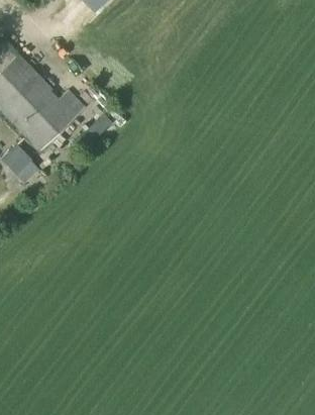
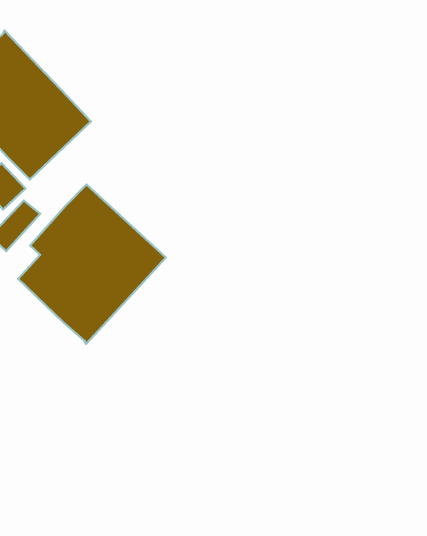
building: none -> [18,184,166,344]

